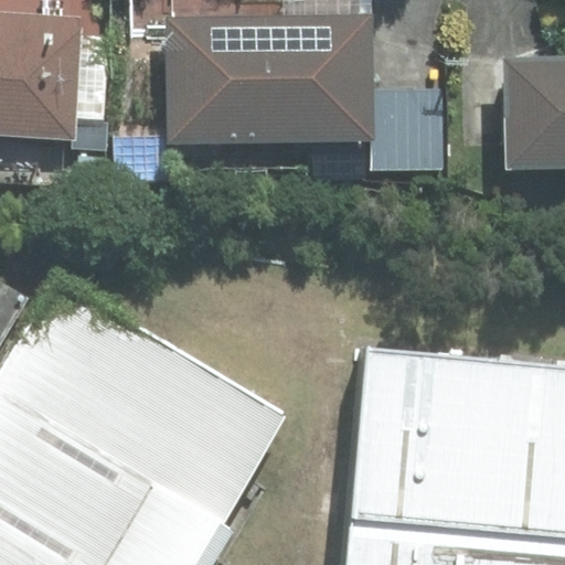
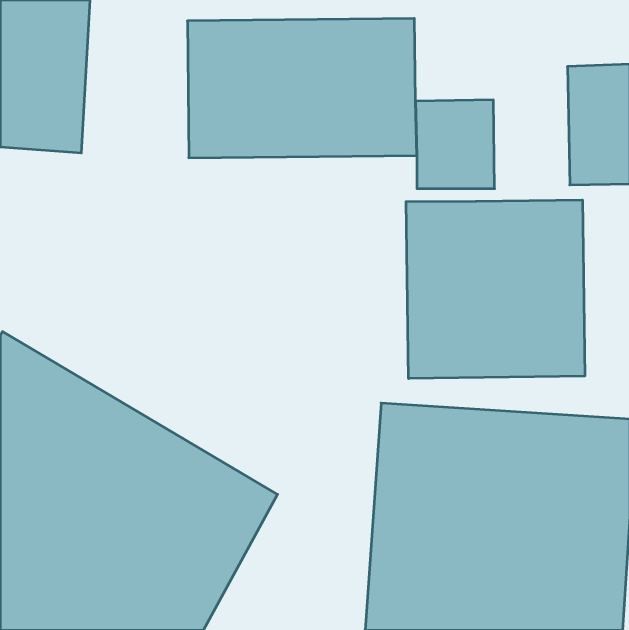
building: none -> [406,200,585,379]

